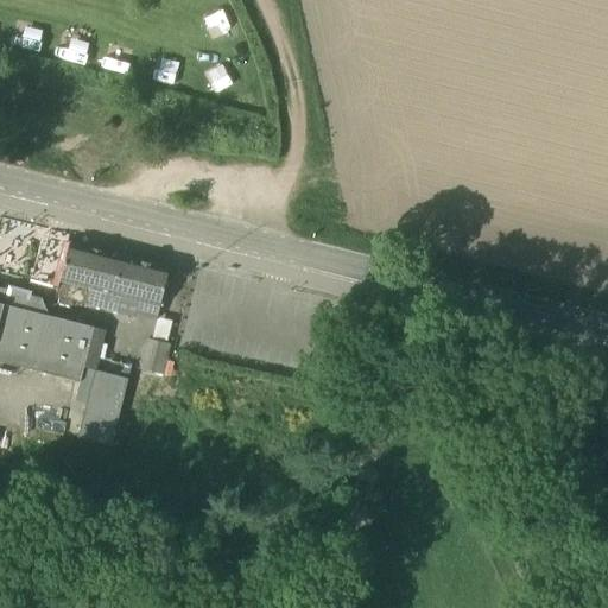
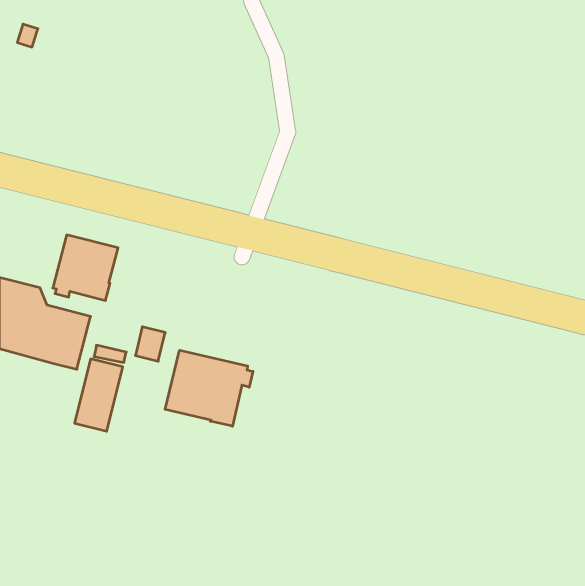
building: [109,256,169,319] -> none
building: none -> [165,350,253,426]

